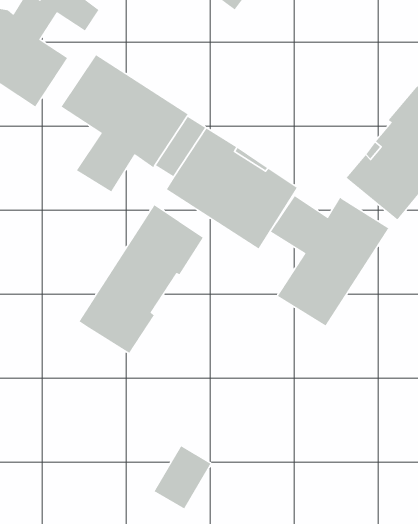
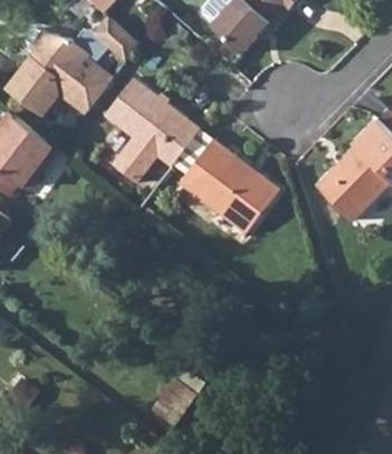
building: [270,195,390,327] -> none
building: [79,204,204,354] -> none

